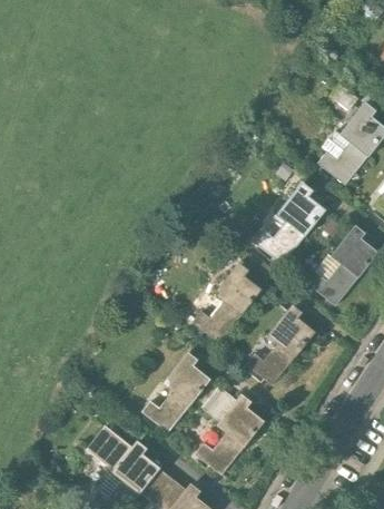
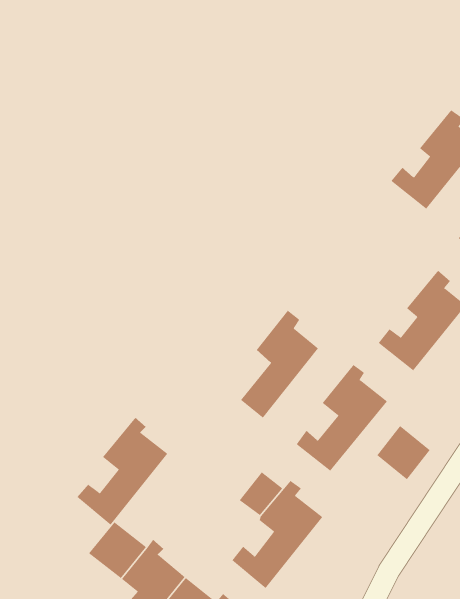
building: [255,184,324,263] -> none
building: [141,346,213,431] -> [76,417,168,525]
building: none -> [376,425,431,480]

